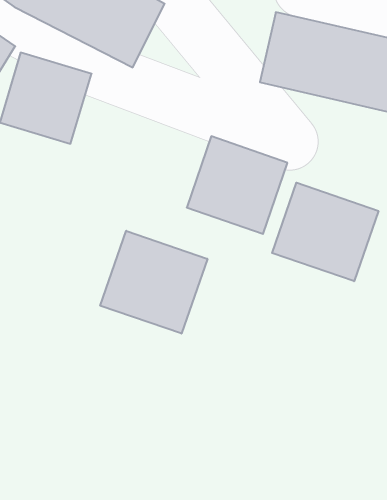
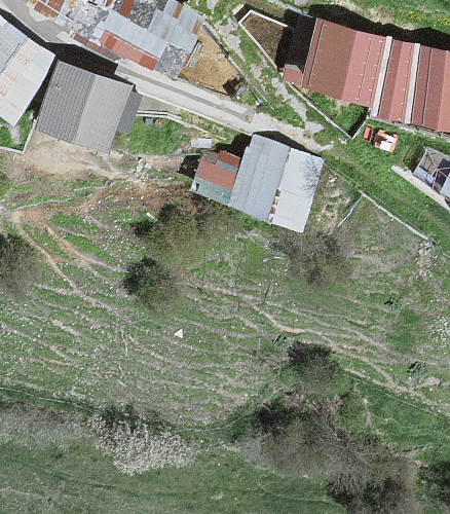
building: [272,183,378,281] -> none
building: [100,231,207,334] -> none

